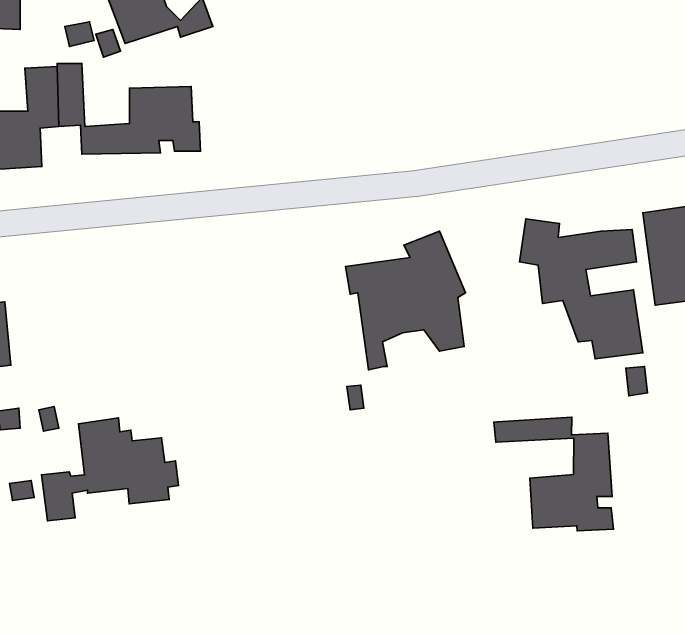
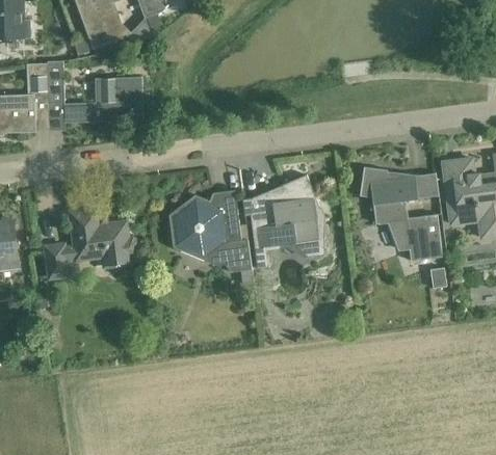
building: none -> [168,194,251,272]
building: [494,417,613,531] -> none
building: [41,418,179,521] -> [44,208,136,277]

